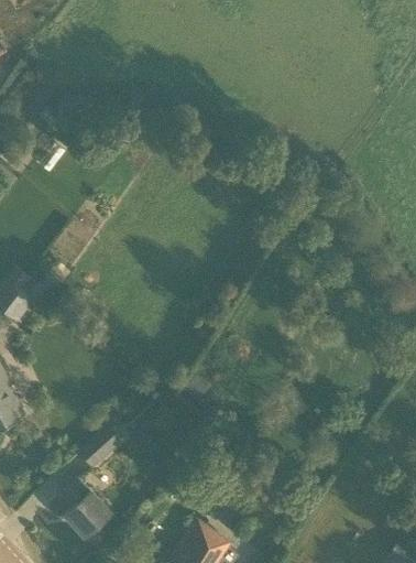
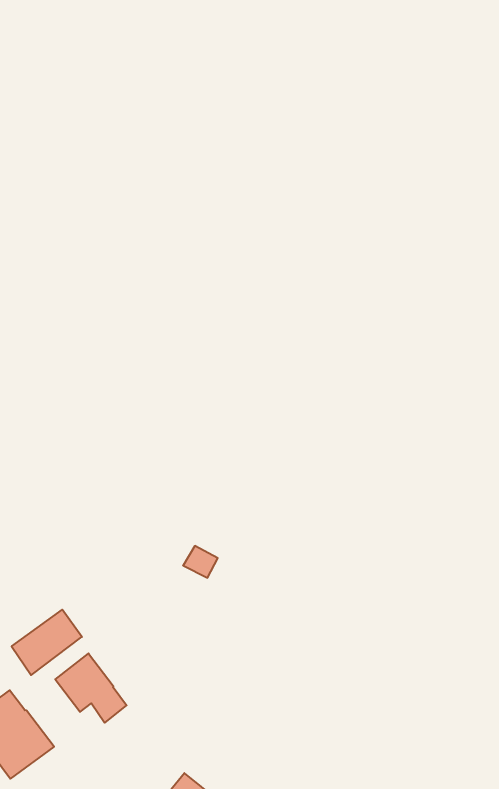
building: none -> [55,653,127,723]

